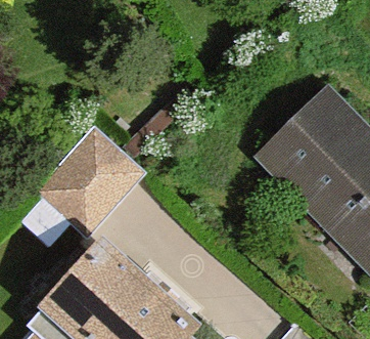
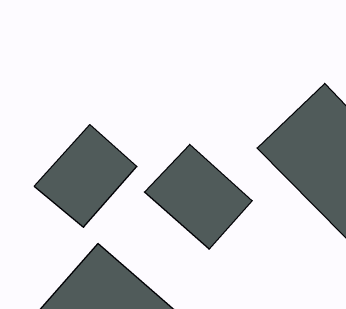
building: none -> [144,144,252,249]

